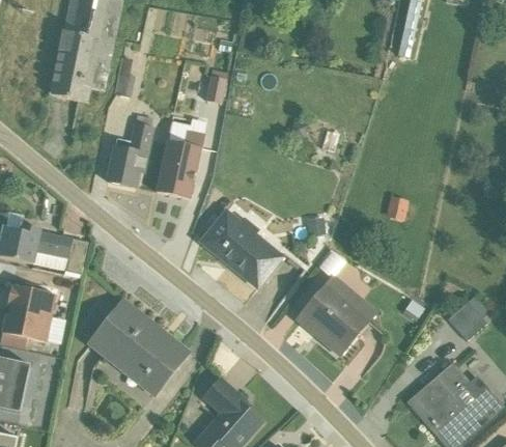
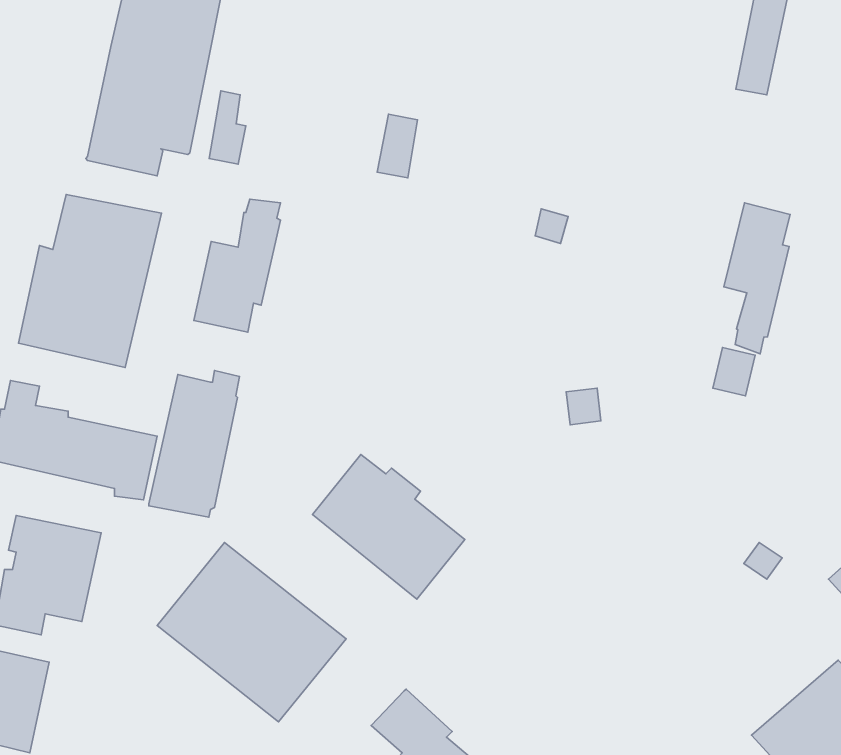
building: none -> [18,194,161,367]
building: none -> [724,203,790,354]
building: [157,119,205,198] -> [149,371,240,517]
building: [201,209,283,287] -> [312,455,465,599]
building: [297,251,377,355] -> none

